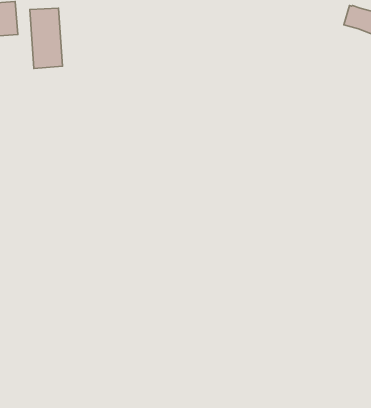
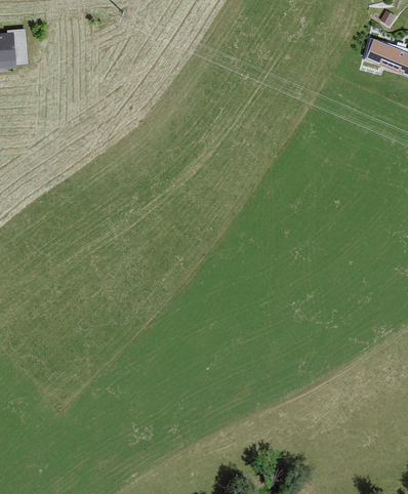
building: [30,8,62,68] -> none

